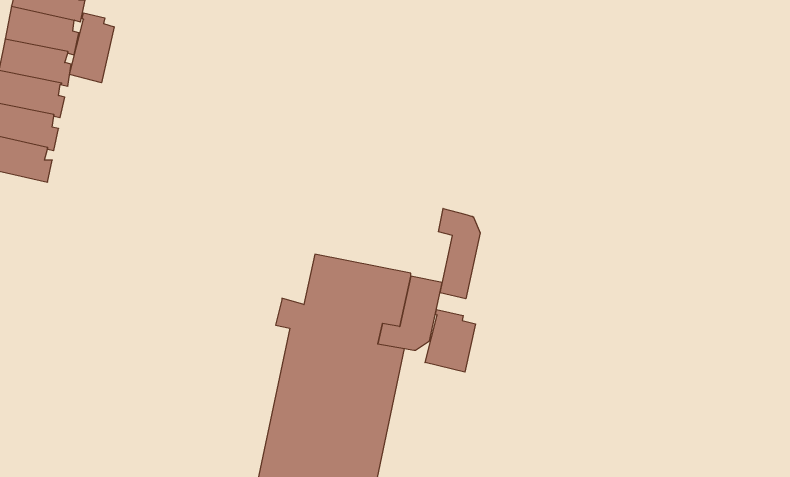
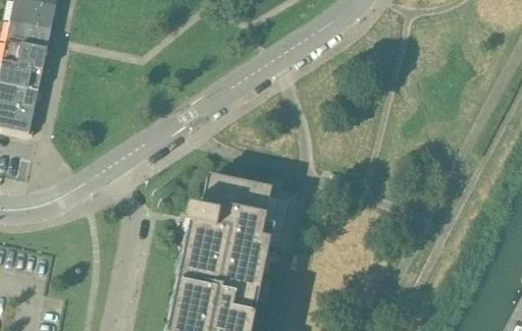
building: [70,13,114,83] -> none
building: [438,208,480,299] -> none
building: [425,310,475,372] -> none

